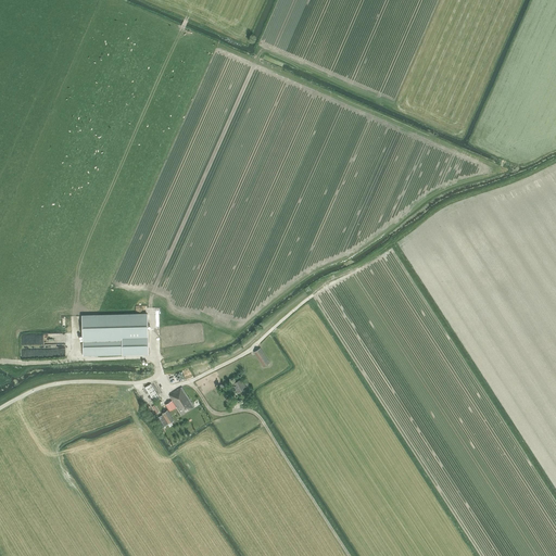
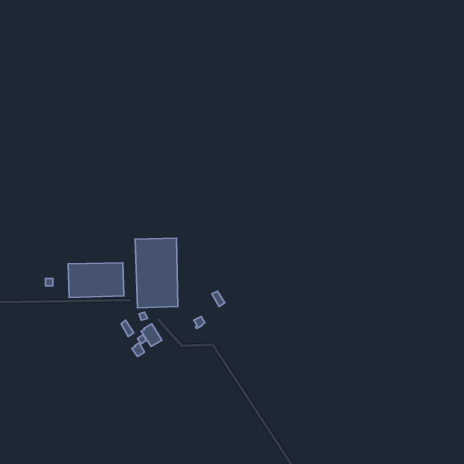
building: none -> [135,238,178,308]

